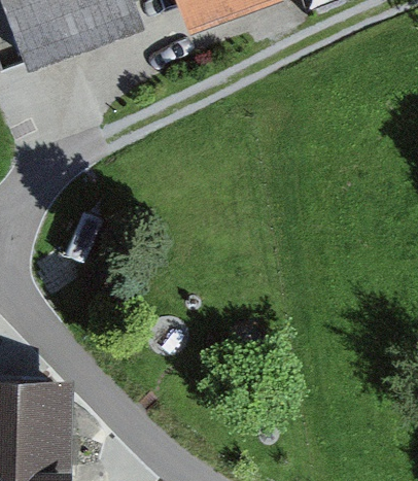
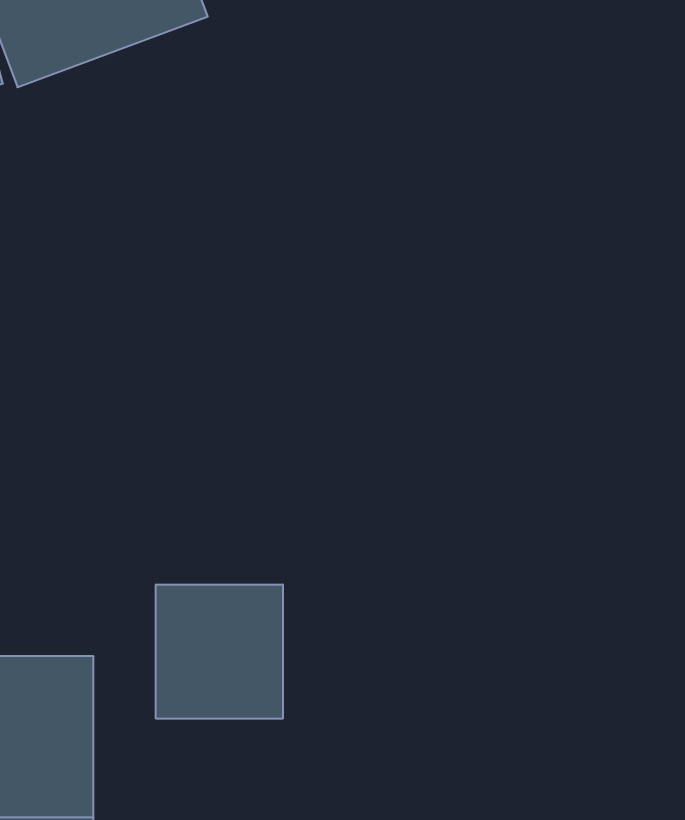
building: none -> [156,584,283,719]

